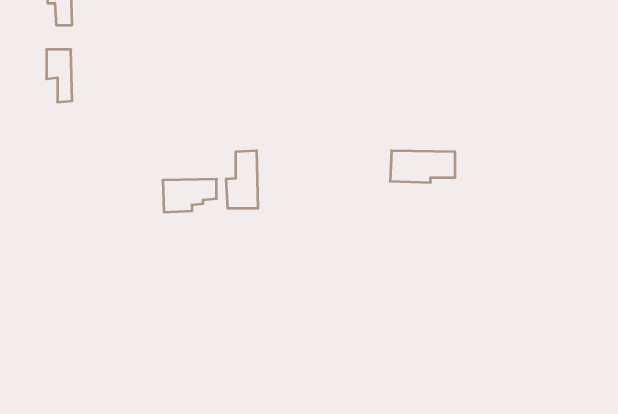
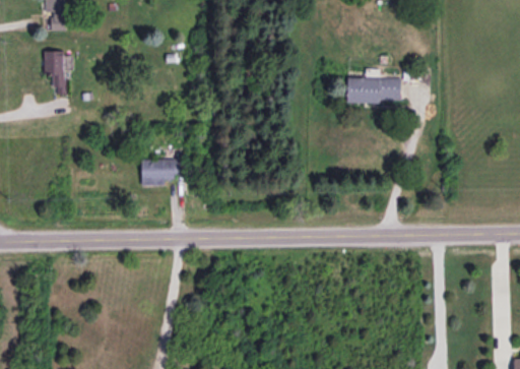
building: [226,151,258,208] -> none
building: [390,151,455,182] -> [347,77,401,104]

